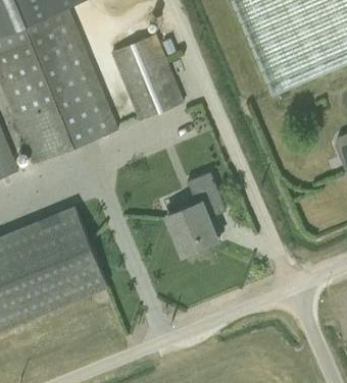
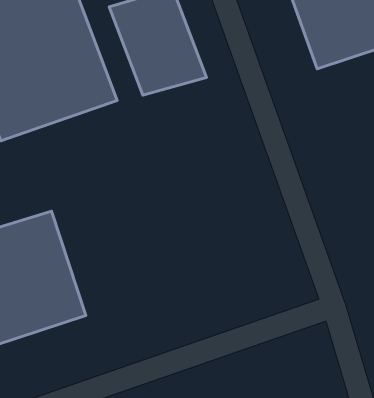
building: [165,166,234,259] -> none

